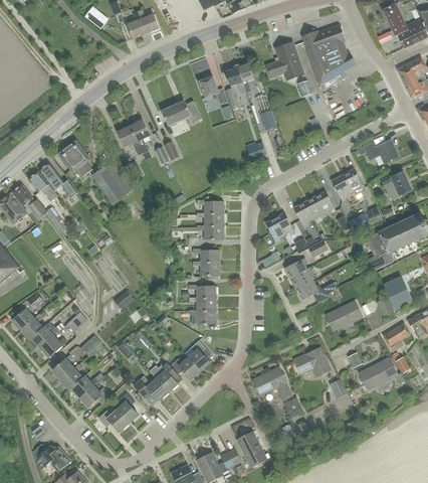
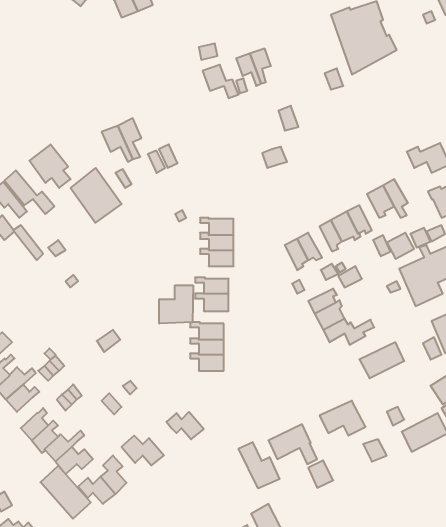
building: [266,41,304,79] -> none
building: [163,101,202,126] -> none
building: none -> [159,285,193,324]
building: [188,340,211,371] -> none
building: [156,361,178,392] -> none
building: none -> [239,442,280,488]
building: none -> [40,466,91,519]

